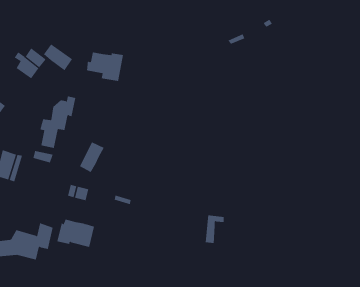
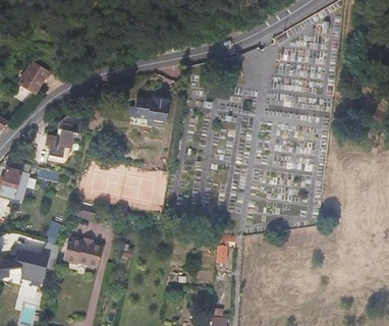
building: [43,44,73,71] -> none
building: [86,52,124,82] -> [131,98,170,128]
building: [79,142,105,173] -> none

